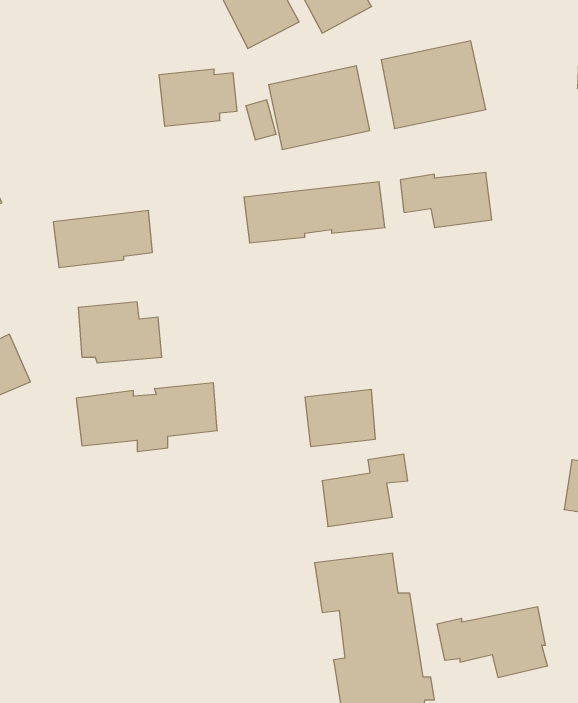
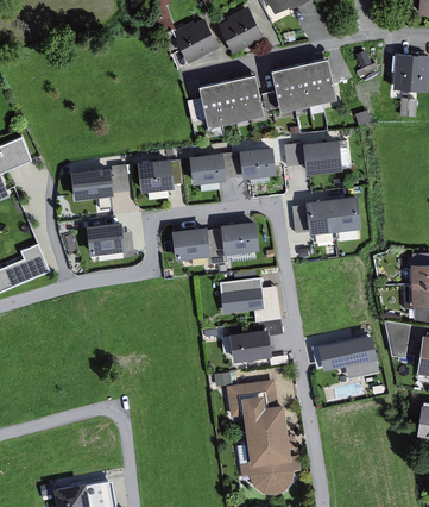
building: [159,69,237,126] -> [132,158,181,194]
building: none -> [291,196,359,236]
building: [76,383,217,452] -> [168,223,255,265]
building: [437,607,548,677] -> [314,336,383,380]

